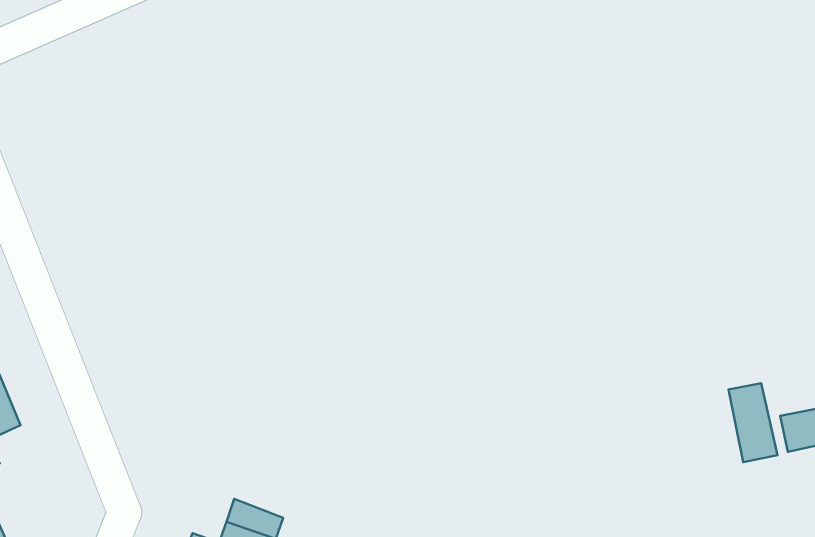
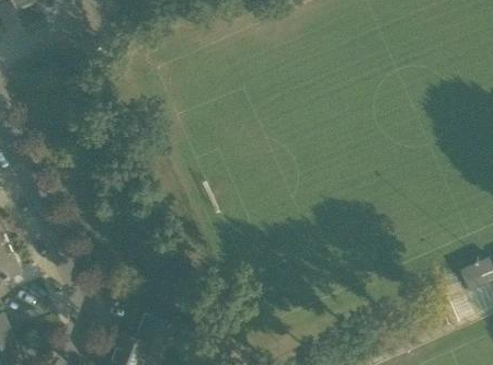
building: [729,383,777,462] -> none

